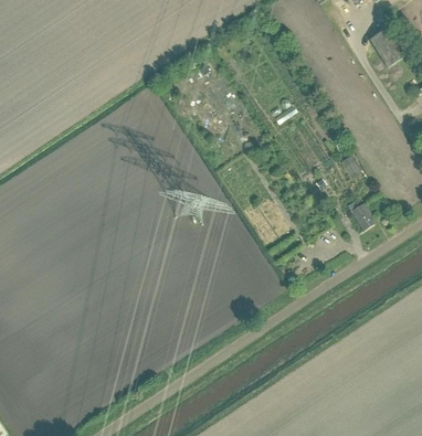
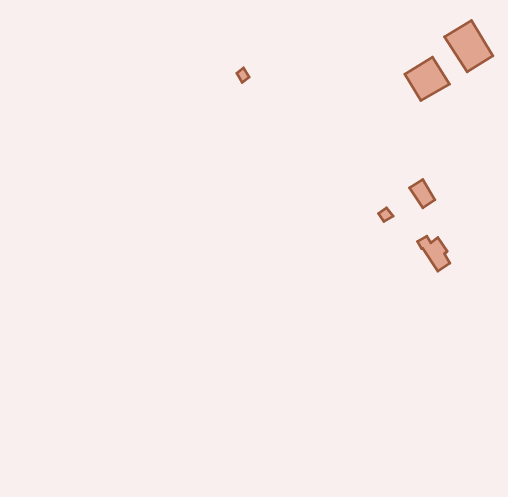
building: none -> [405,57,450,100]

